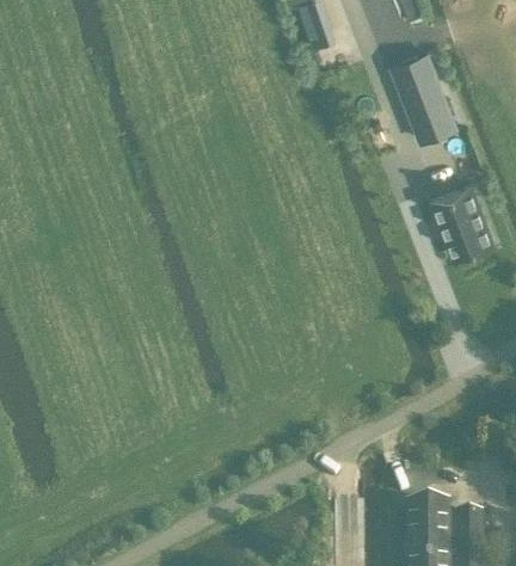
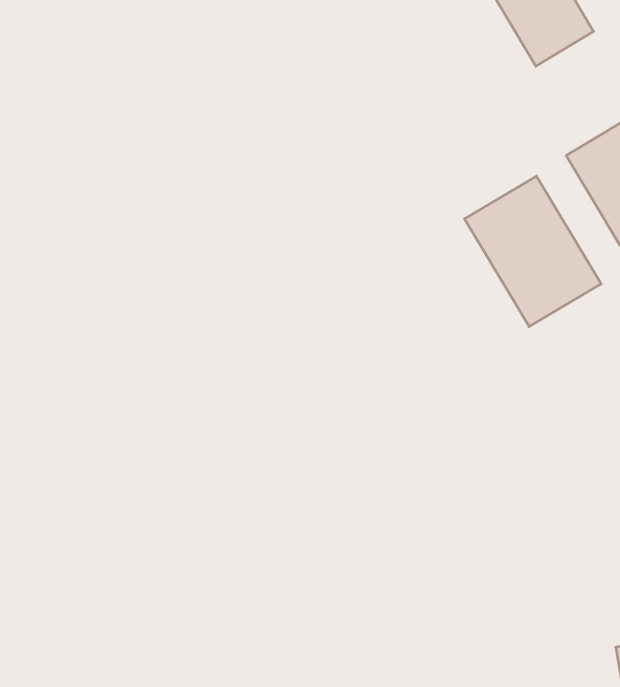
building: none -> [465,176,601,327]

